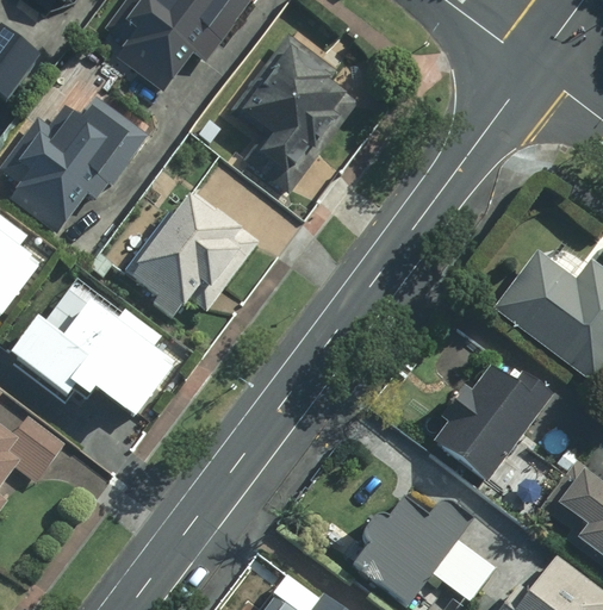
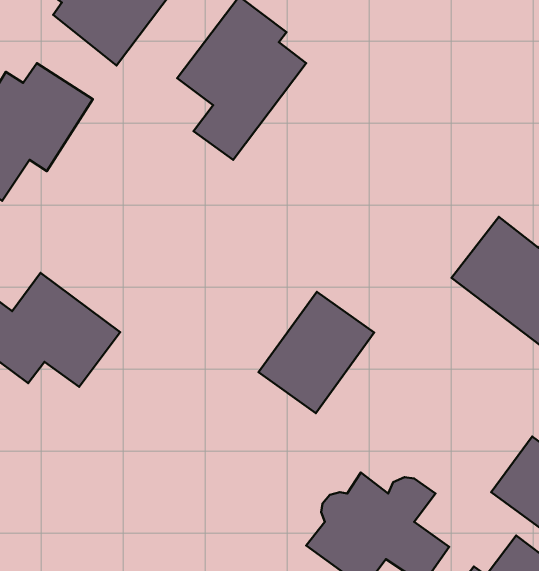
building: [120,189,254,325] -> none
building: [435,361,546,478] -> [259,292,374,413]

